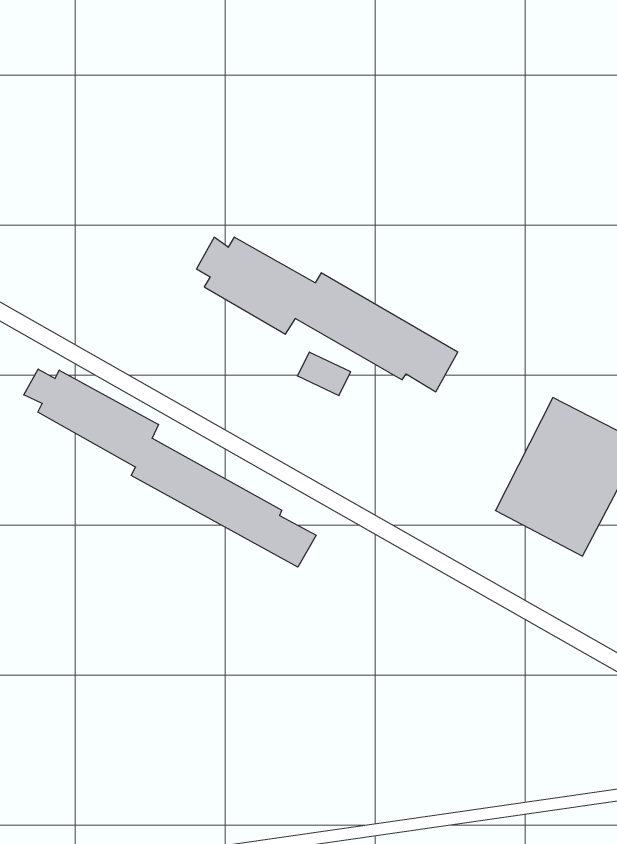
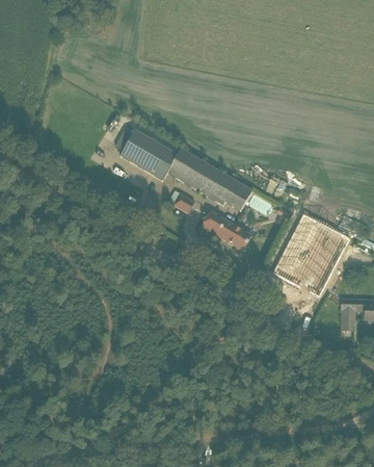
building: [24,369,316,567] -> none
building: none -> [202,211,251,251]

